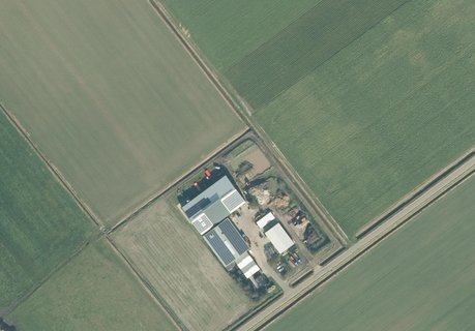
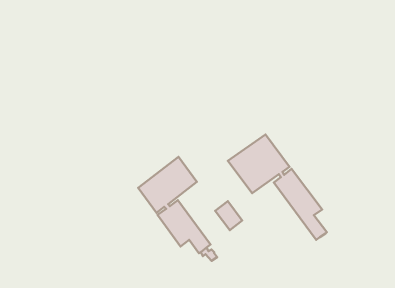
building: none -> [228,134,327,240]

